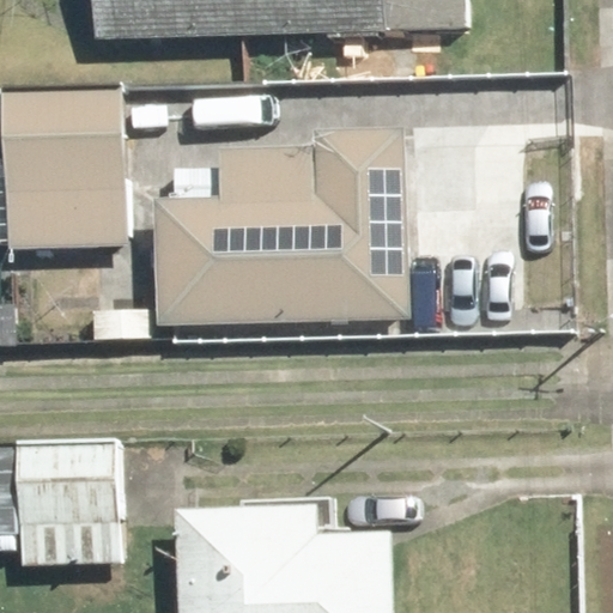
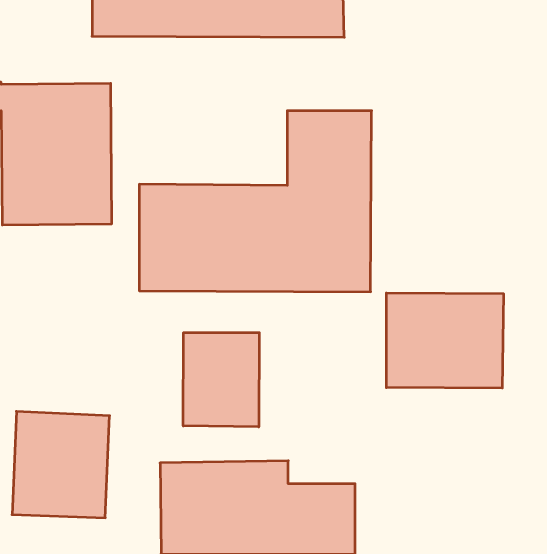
building: none -> [386,293,503,388]
building: none -> [183,333,259,427]

